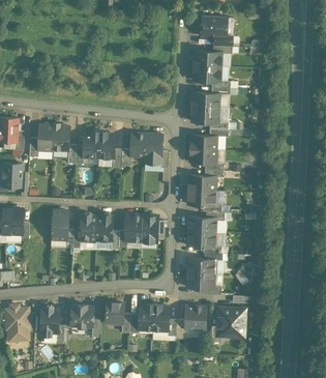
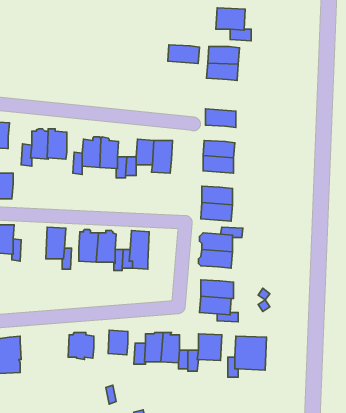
building: [192,91,220,108] -> [168,45,199,64]
building: [142,214,159,242] -> none
building: [41,306,59,335] -> none

